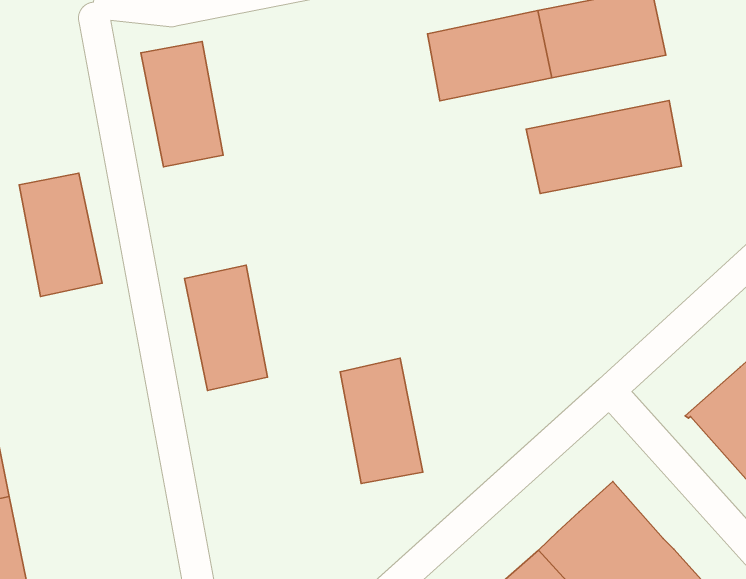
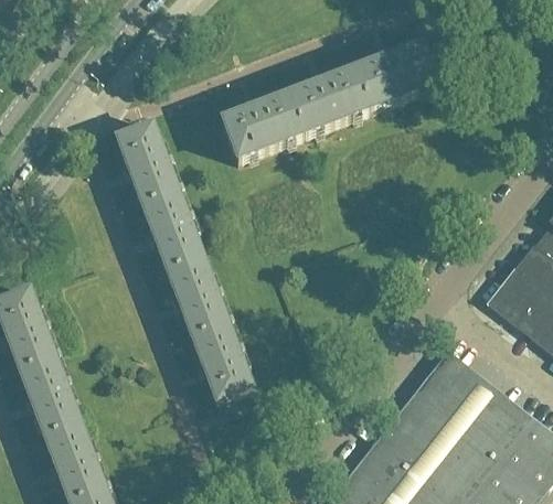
building: none -> [220,98,301,163]
building: [526,101,682,194] -> none
building: [19,173,102,297] -> [139,193,200,272]
building: [340,358,423,483] -> [189,324,249,405]

